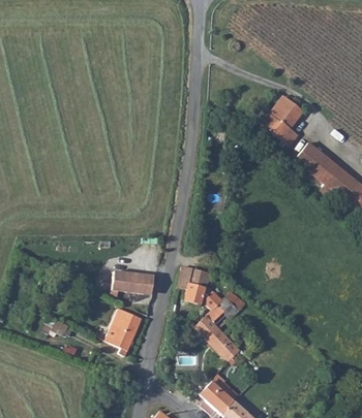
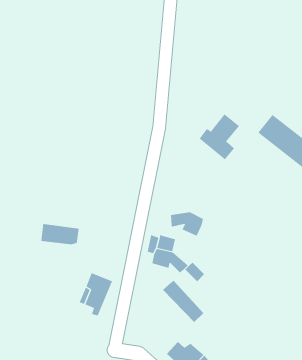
building: [259,98,302,148] -> [199,113,240,160]
building: none -> [171,212,203,236]
building: [113,271,154,294] -> [41,224,79,245]

